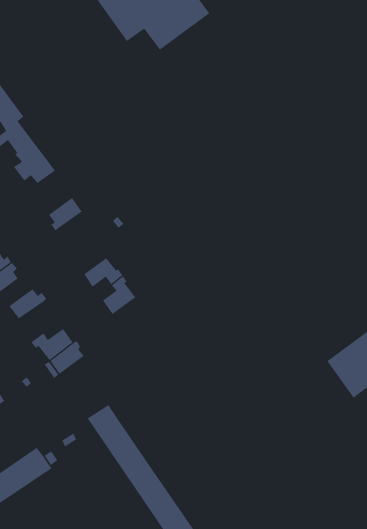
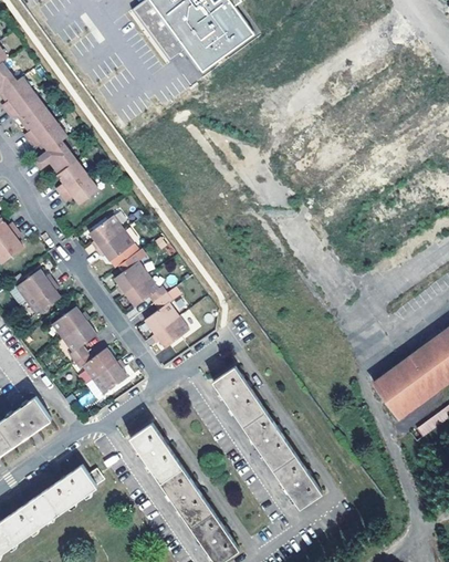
building: none -> [97,231,135,263]
building: none -> [111,251,149,294]
building: none -> [152,318,189,350]
building: none -> [61,322,96,363]
building: none -> [212,367,321,509]

